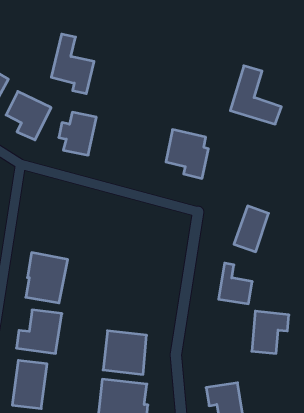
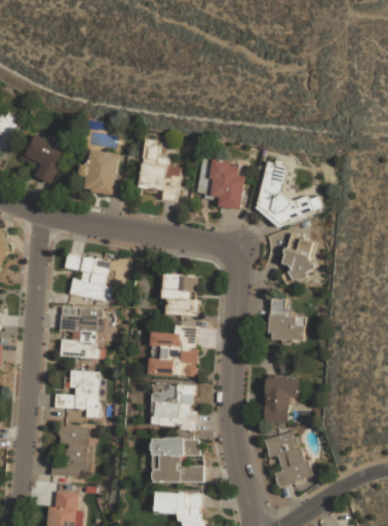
building: [51,34,94,94] -> [135,139,181,201]
building: [230,66,281,124] -> [256,161,311,222]
building: none -> [64,252,111,300]
building: none -> [159,273,199,316]
building: none -> [147,326,197,377]
building: [252,311,289,353] -> [262,378,299,422]

